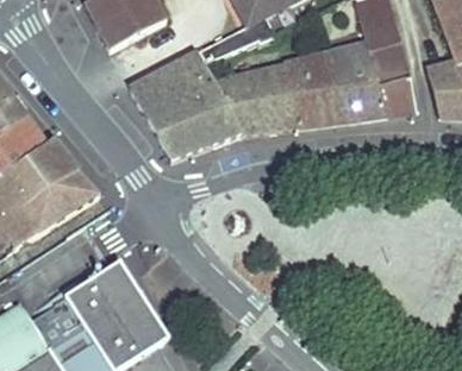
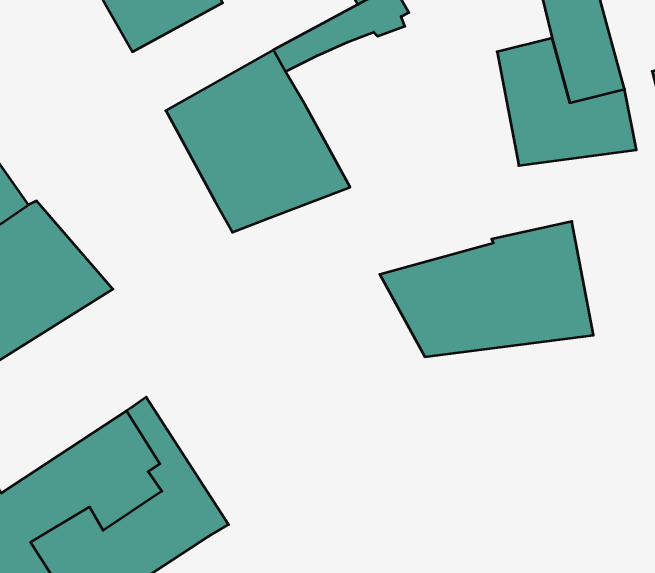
building: [216,51,345,133] -> [380,221,593,357]

